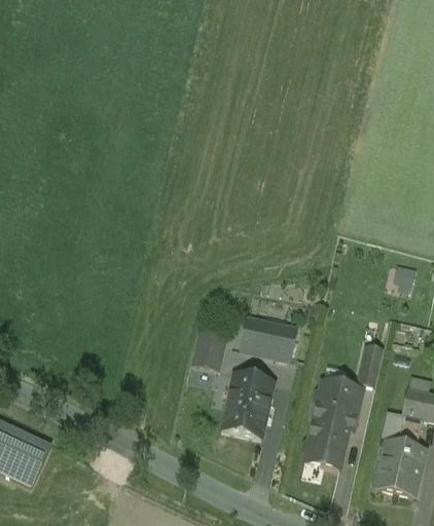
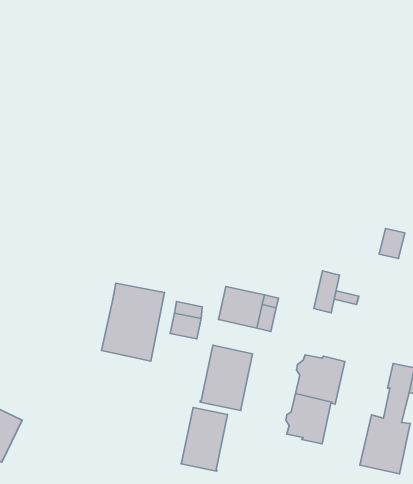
building: none -> [102,283,165,361]
building: [358,344,383,384] -> [314,271,340,313]
building: none -> [181,408,228,471]

